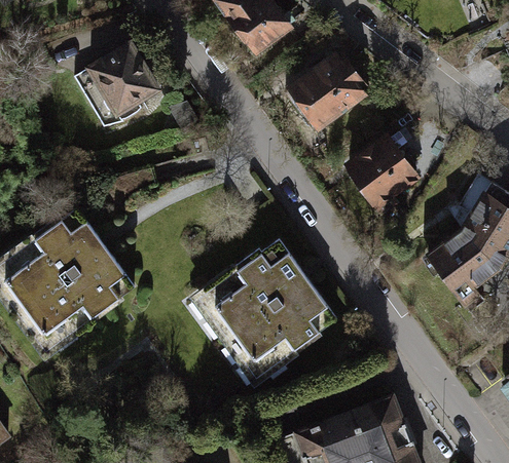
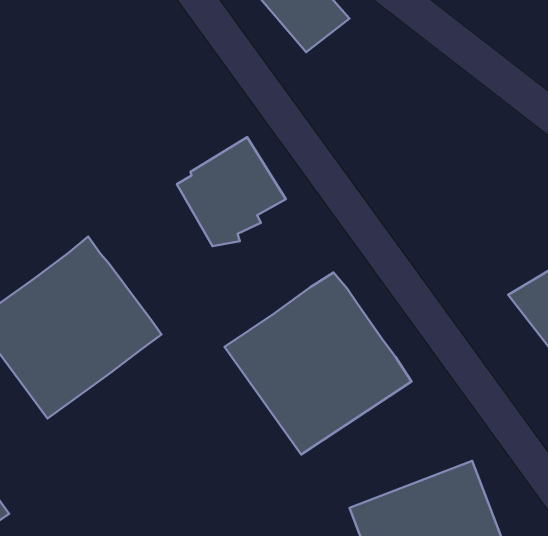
building: [71,38,161,128] -> [177,137,286,246]
building: [290,54,370,130] -> none
building: [348,139,420,210] -> none

